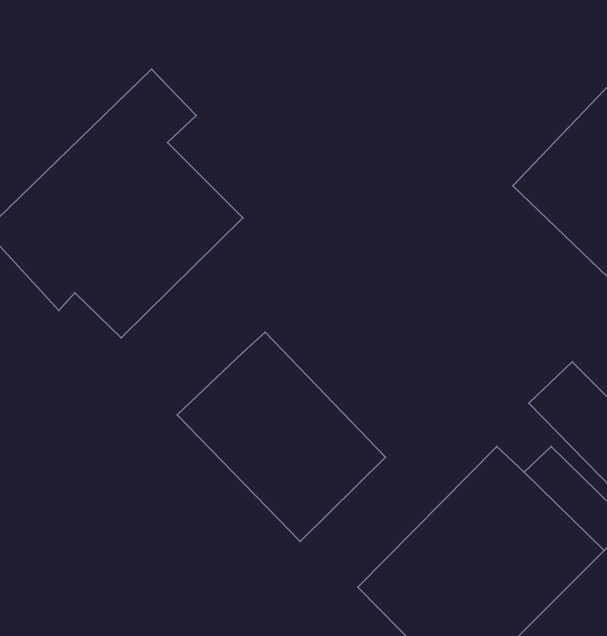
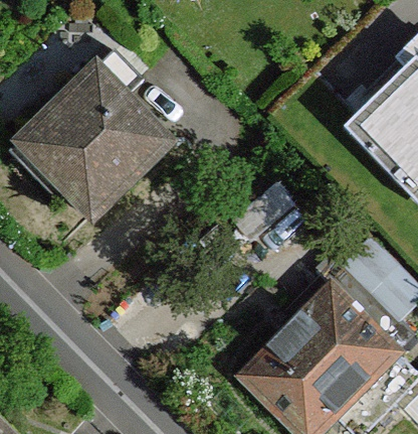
building: [177,332,385,542] -> none

